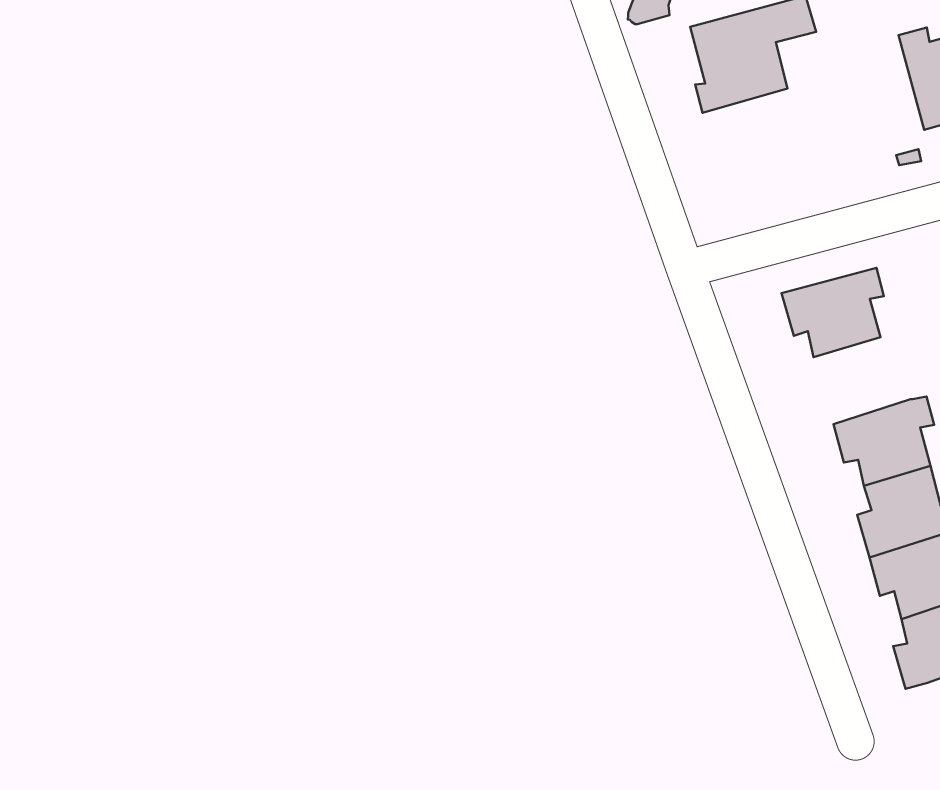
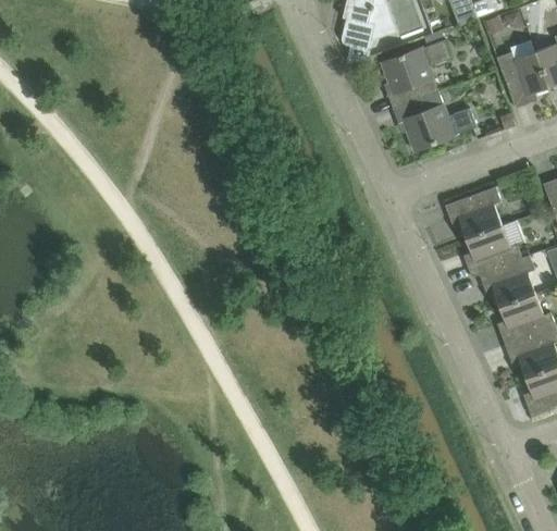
building: none -> [393,91,476,150]
building: none -> [463,224,521,277]

